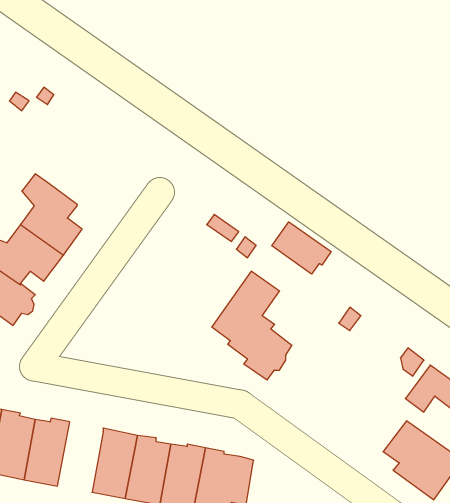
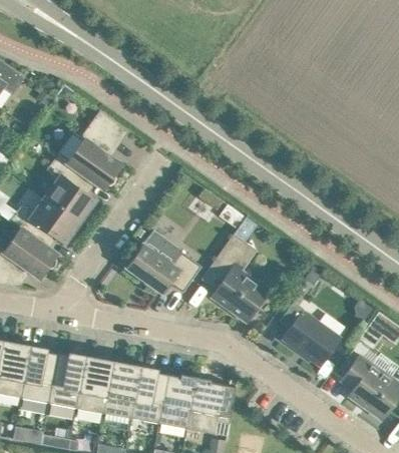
building: none -> [67,110,128,189]
building: [272,222,331,274] -> none
building: none -> [125,230,201,294]
building: none -> [279,302,341,367]
building: none -> [75,357,112,414]

